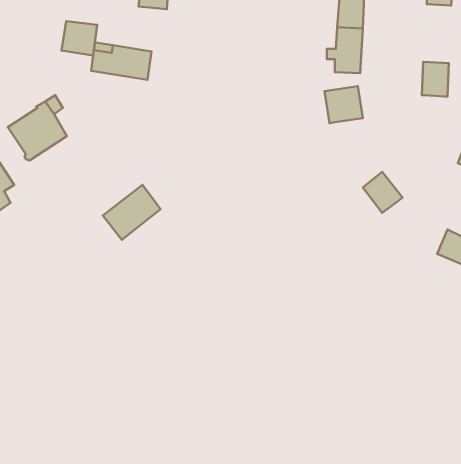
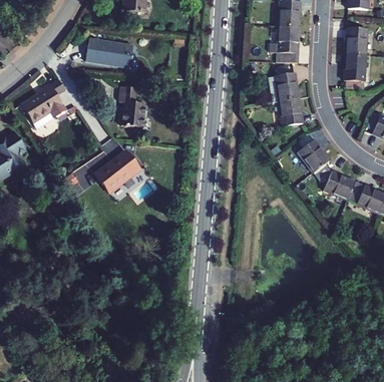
building: [62,21,97,56] -> none
building: none -> [346,29,367,55]
building: none -> [120,87,145,128]
building: none -> [279,98,303,127]
building: none -> [314,163,356,201]

